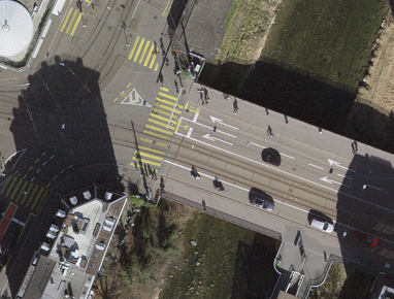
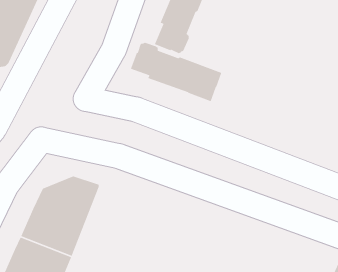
building: none -> [130,42,222,102]

